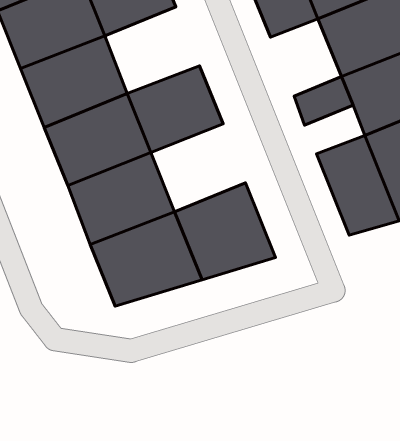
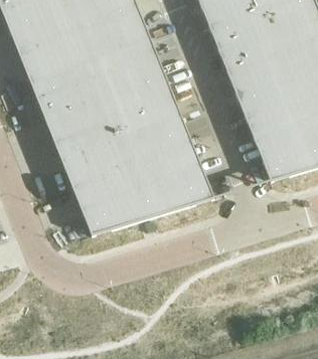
building: none -> [83,6,155,72]
building: none -> [209,15,264,74]
building: none -> [235,81,282,119]
building: none -> [118,96,190,163]

